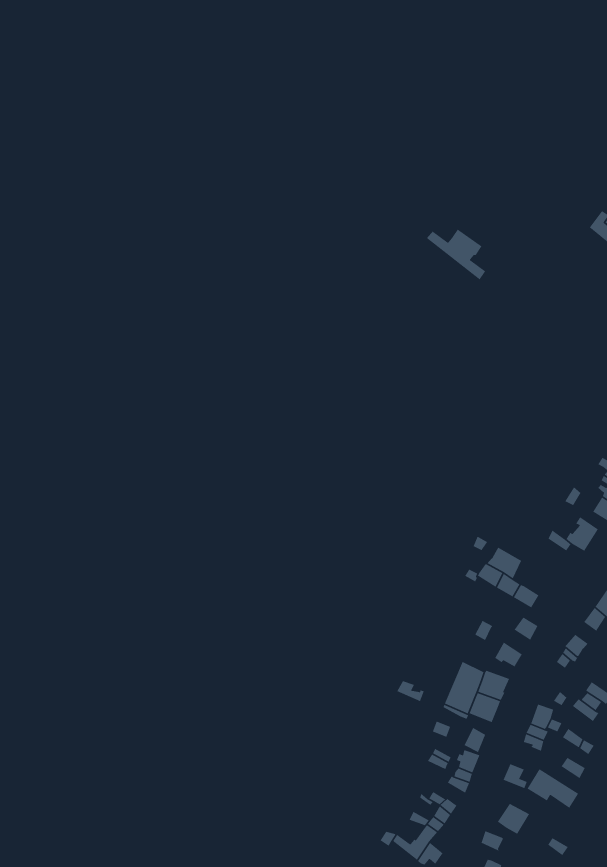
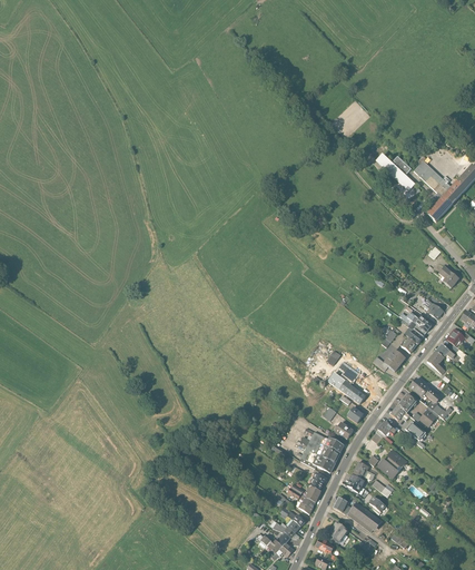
building: [426,228,486,281] -> [377,156,413,189]

